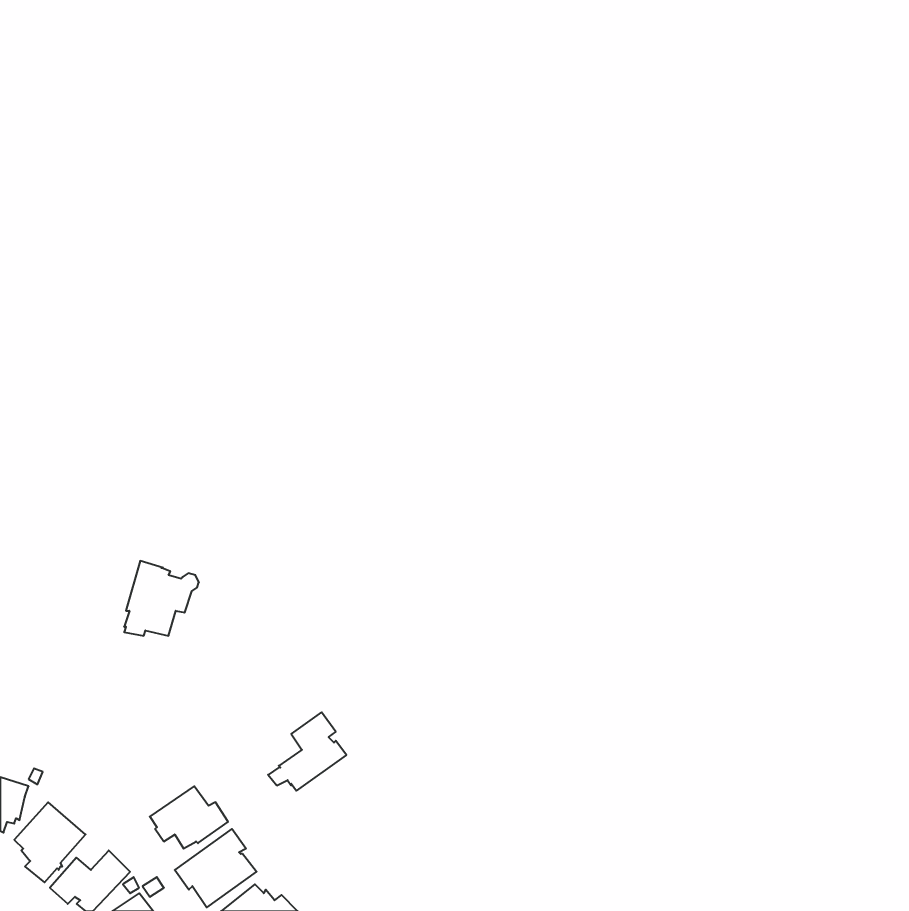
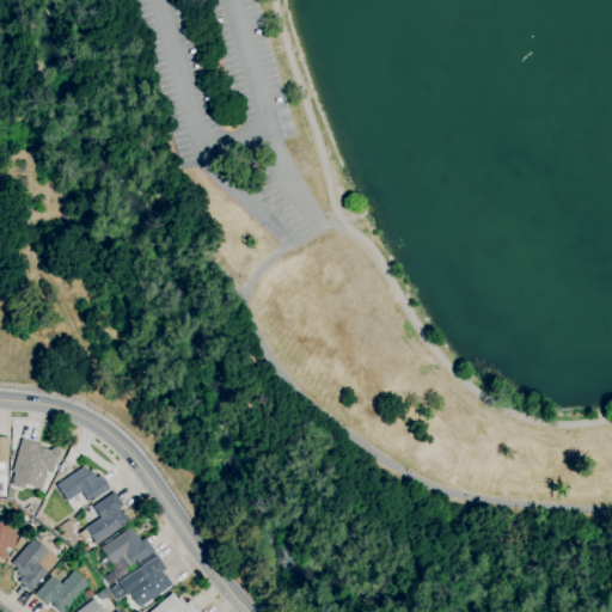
building: [124,561,199,636] -> [12,439,62,489]
building: none -> [57,466,110,503]
building: [268,712,346,791] -> [78,492,130,545]

